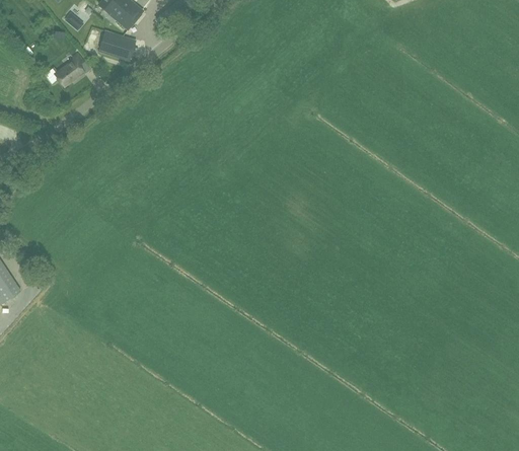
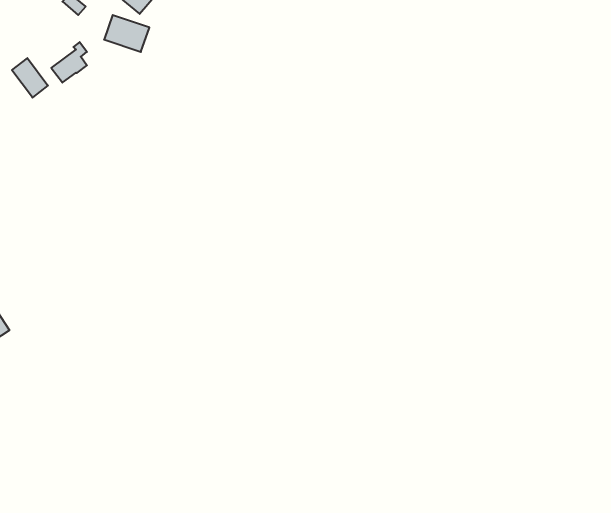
building: none -> [12,58,48,98]

